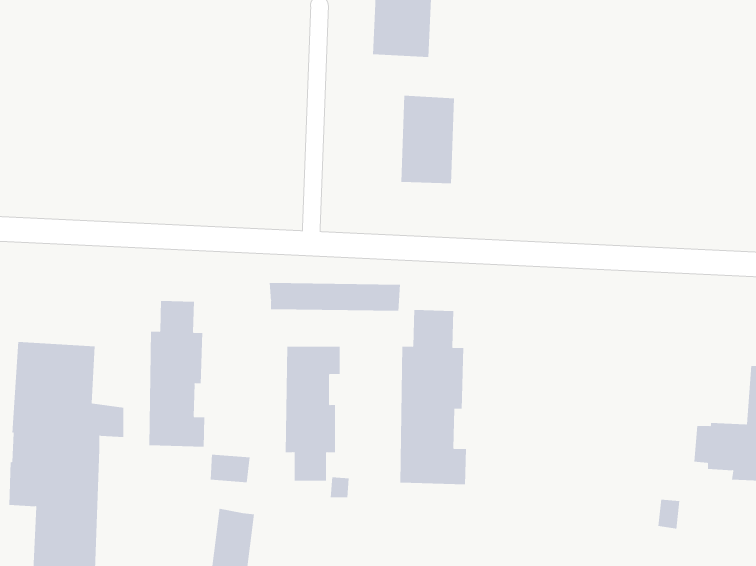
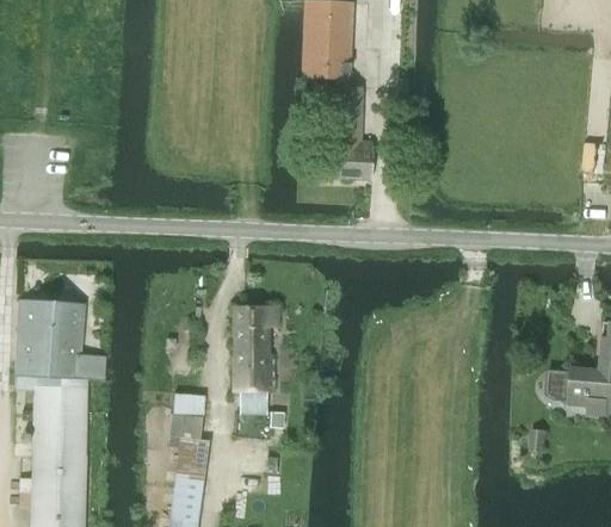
building: [269,282,401,311] -> none
building: [149,300,205,447] -> none
building: [400,309,467,485] -> none

